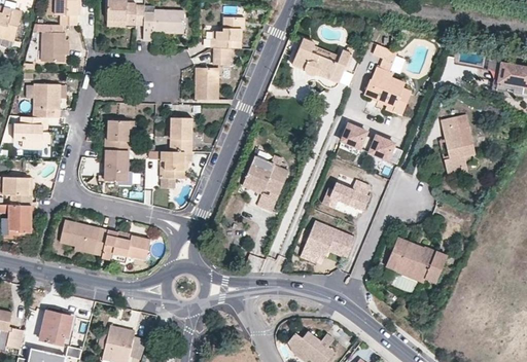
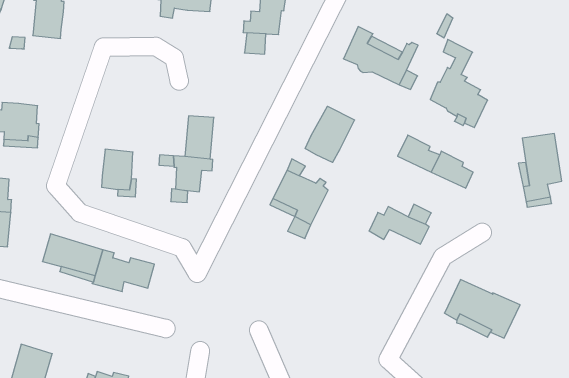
building: [194,67,216,98] -> none
building: [32,82,60,116] -> none
building: none -> [305,106,355,162]
building: [104,119,133,149] -> none
building: [300,219,355,262] -> none

